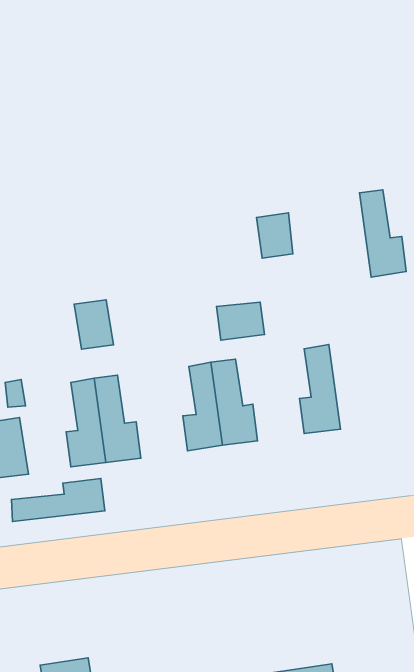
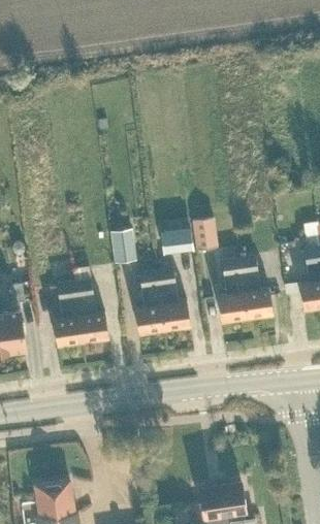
building: [359,190,406,277] -> [239,255,273,317]
building: [256,213,293,258] -> [192,217,218,249]
building: [74,300,113,349] -> [109,227,137,262]
building: [11,478,105,521] -> none

